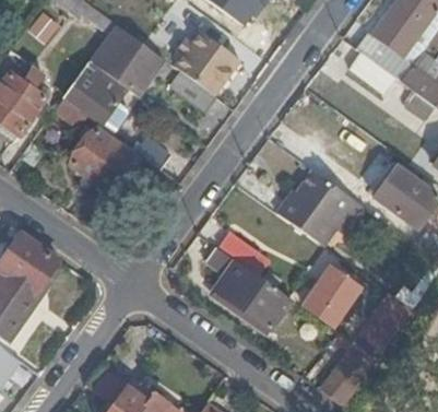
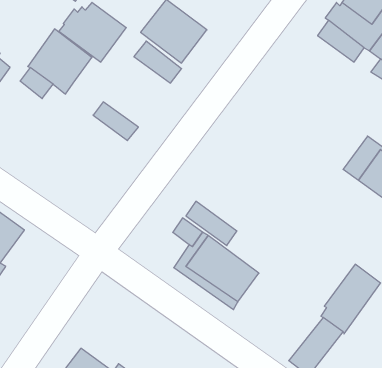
building: [70,127,139,193] -> none
building: [276,169,365,247] -> none
building: [303,266,360,326] -> none

